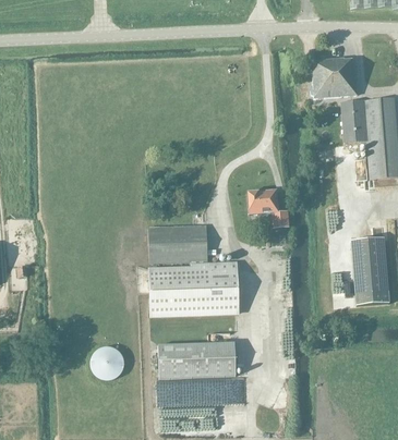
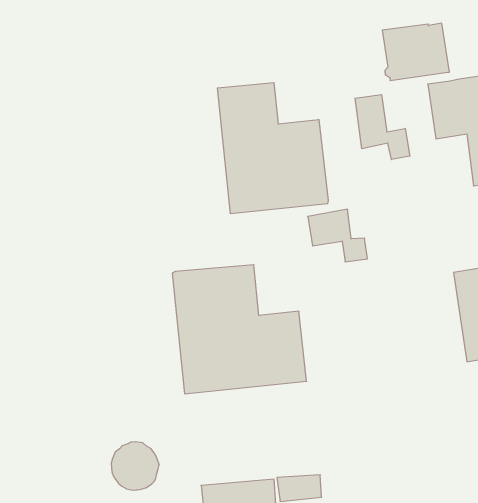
building: none -> [217,83,328,214]
building: none -> [355,95,410,160]
building: [158,342,236,377] -> none

